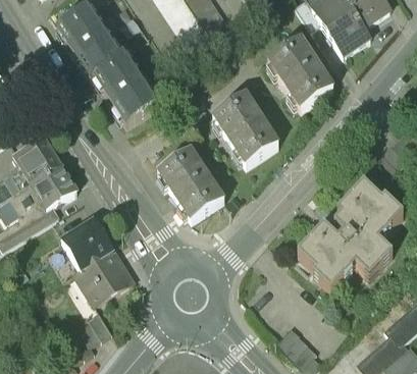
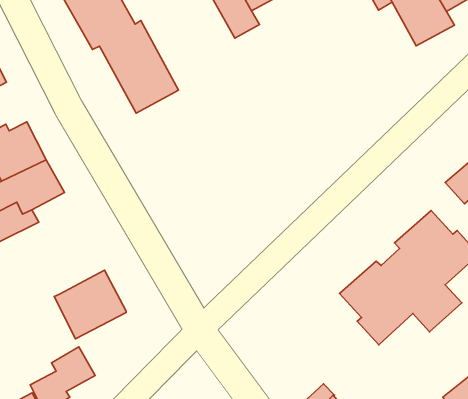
building: [268,39,332,108] -> none
building: [214,94,278,164] -> none
building: [158,150,223,220] -> none
building: [61,218,112,269] -> none

